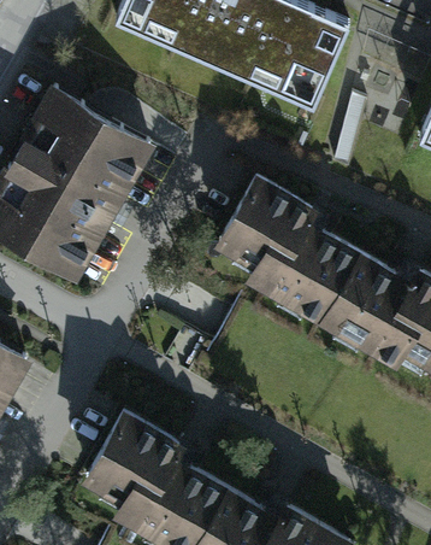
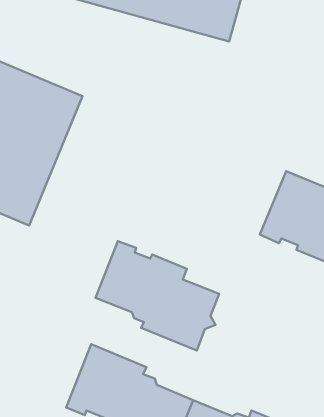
building: [220,180,359,320] -> none
building: none -> [95,241,219,350]

